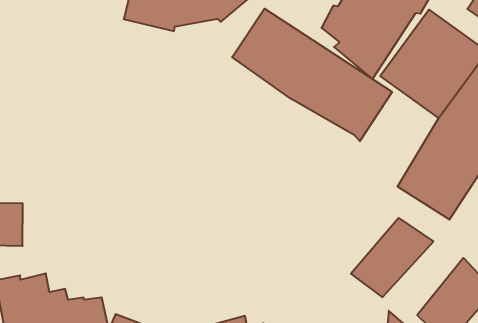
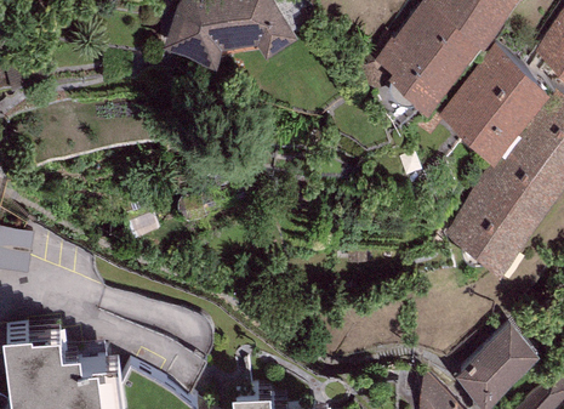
building: [232,9,392,141] -> none
building: [351,218,433,297] -> none

